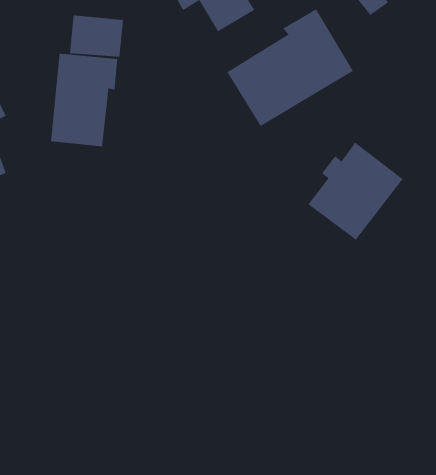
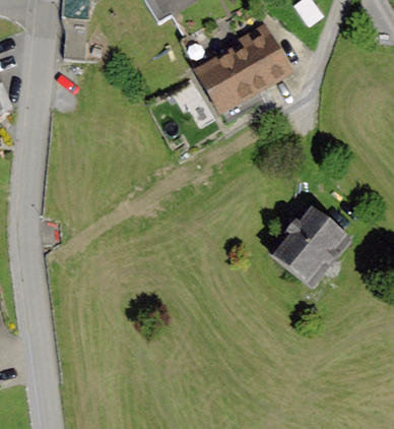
building: [51,53,118,147] -> none
building: [307,142,404,240] -> [271,206,349,287]

